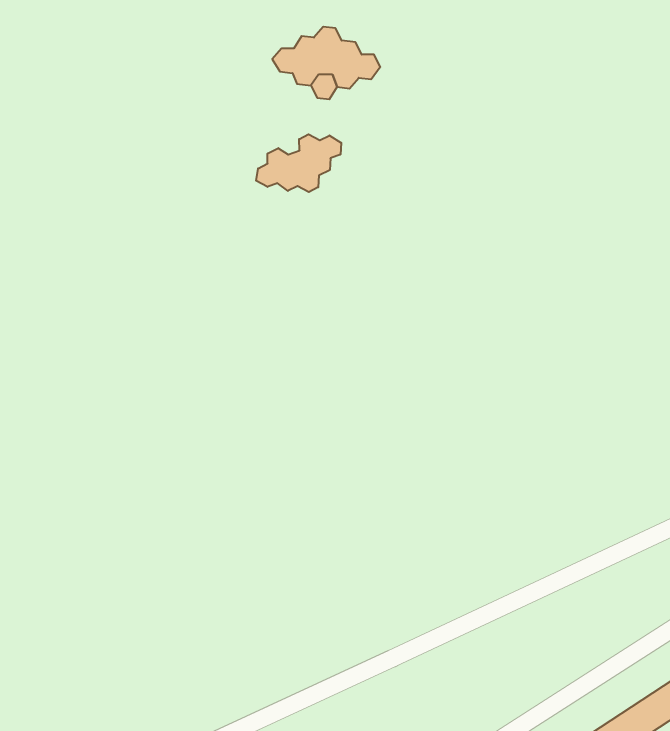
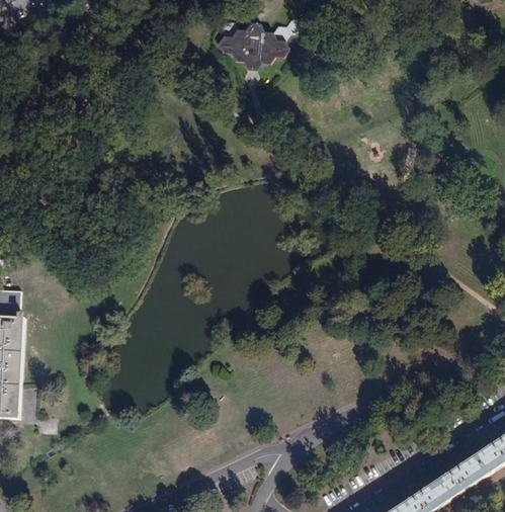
building: [256,134,341,192] -> none

